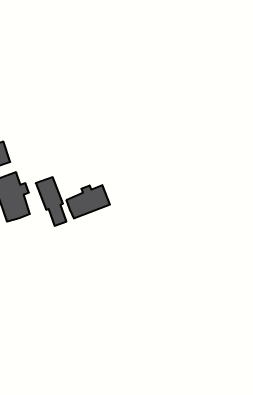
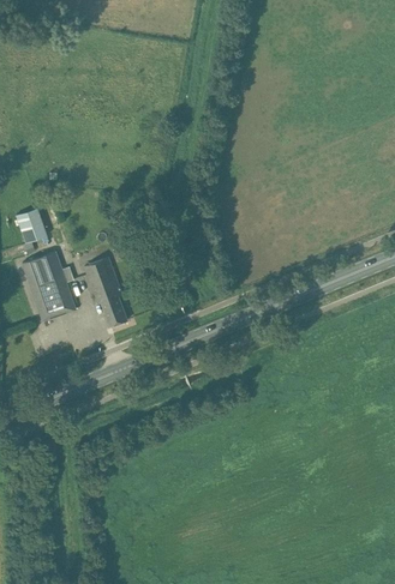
building: [67,185,110,219] -> none

